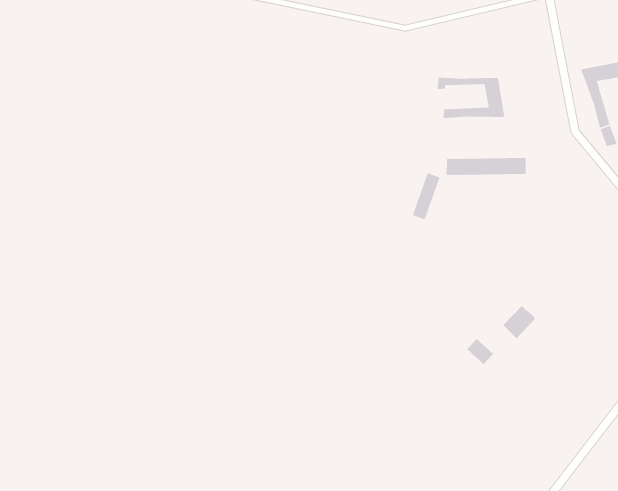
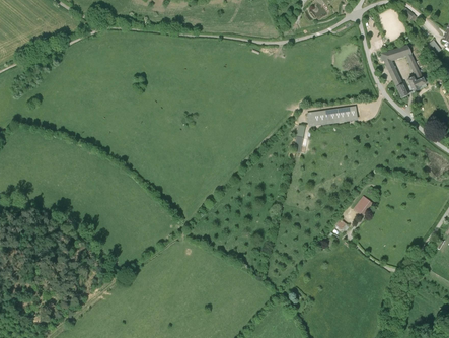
building: [437,77,505,119] -> none

